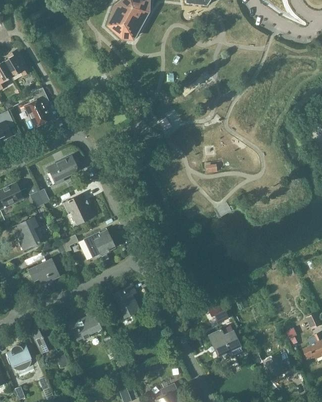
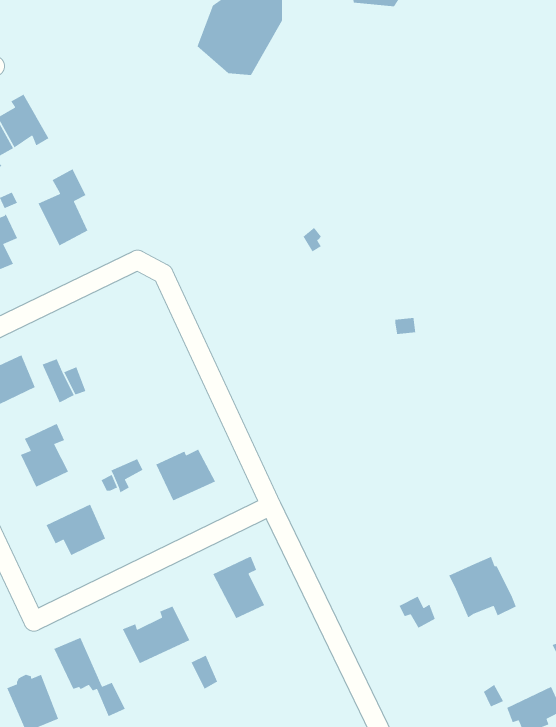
building: [47,156,78,184] -> none
building: [62,194,93,225] -> none
building: [208,325,243,357] -> [448,556,517,618]

